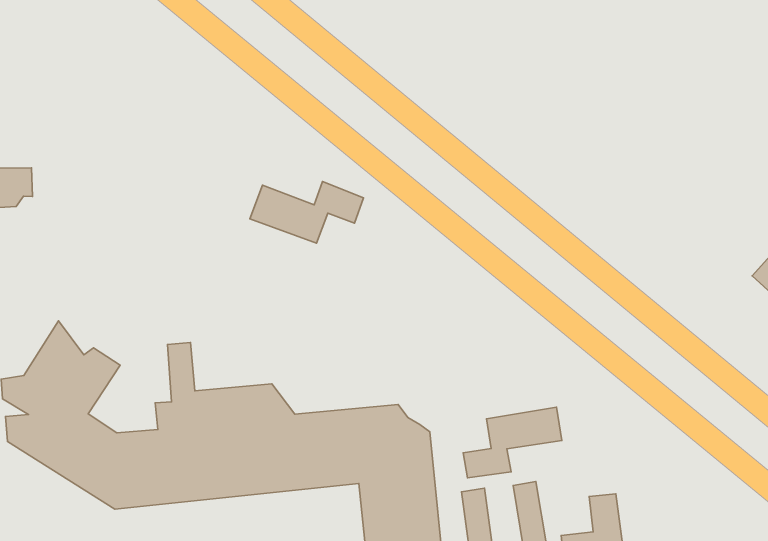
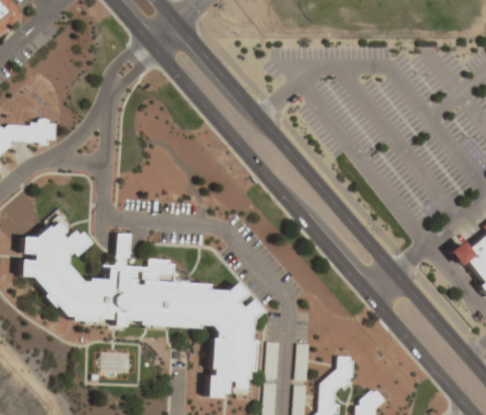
building: [250,181,363,243] -> none
building: [463,407,562,478] -> none

